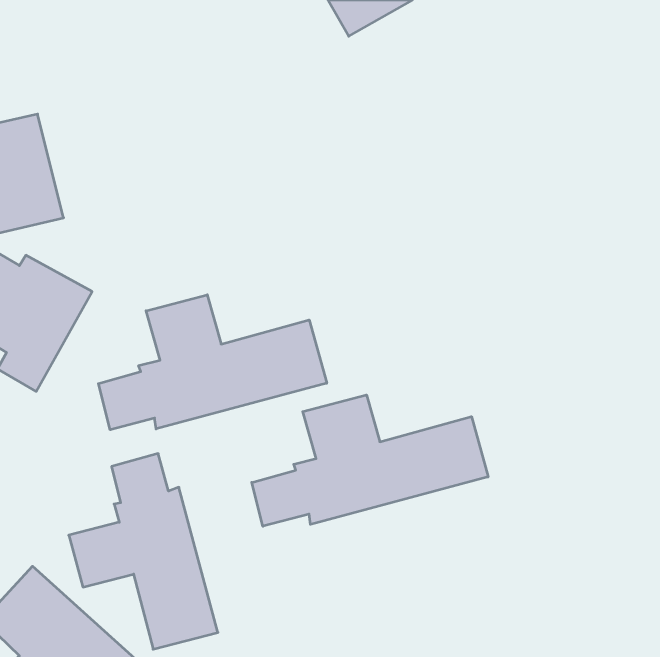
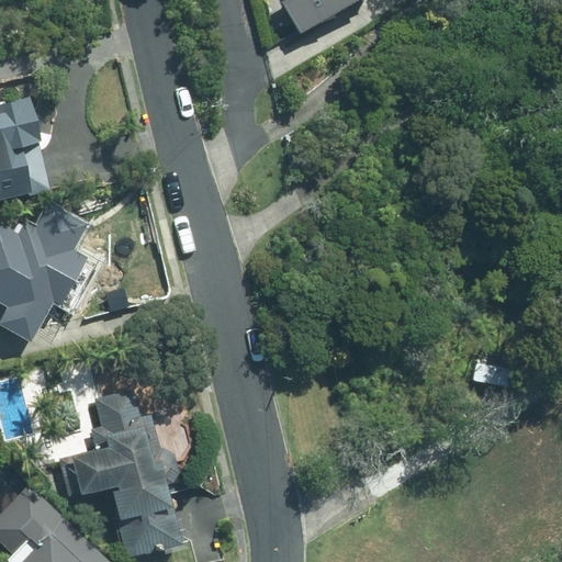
building: [98,295,327,430] -> none
building: [252,395,488,526] -> none

